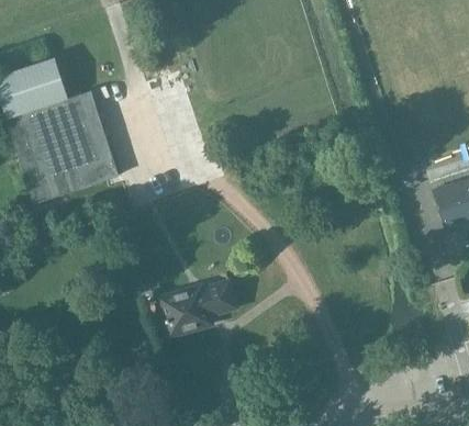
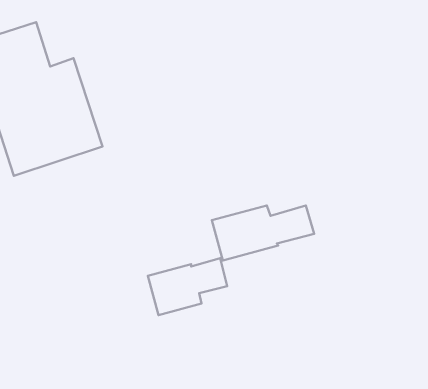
building: none -> [212,205,314,260]

